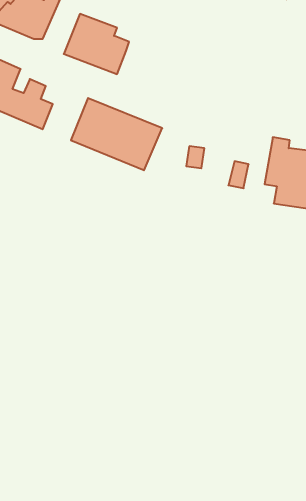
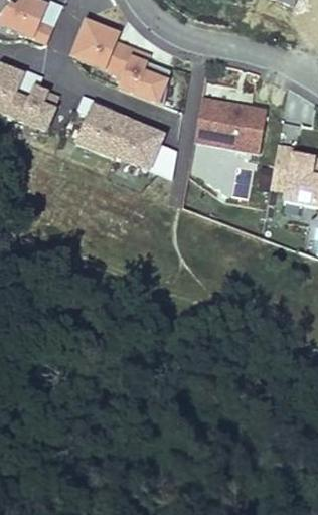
building: none -> [118,55,169,106]
building: none -> [195,98,266,154]

